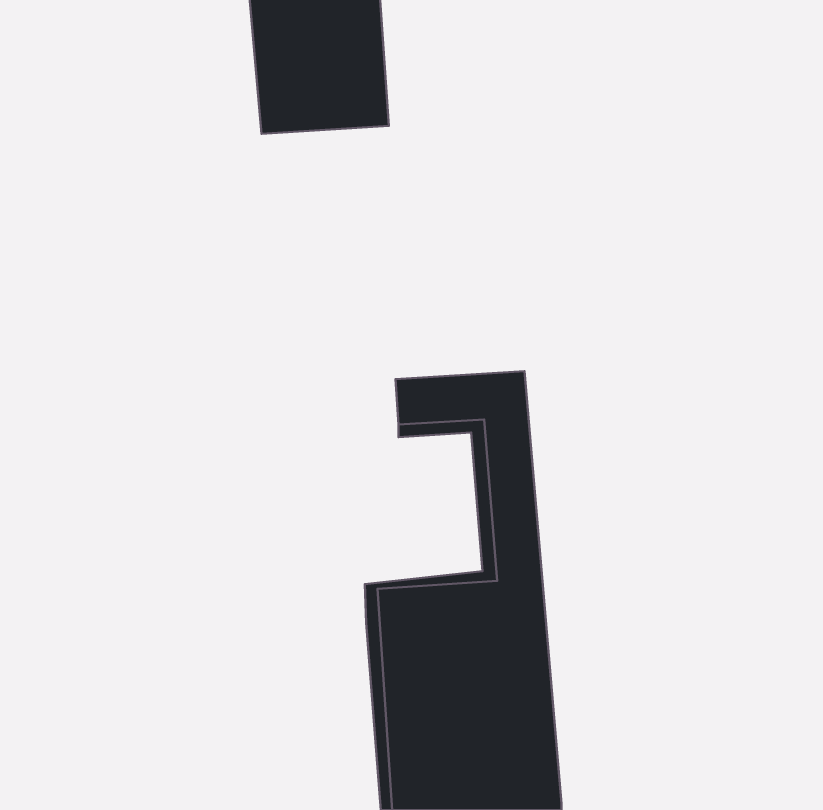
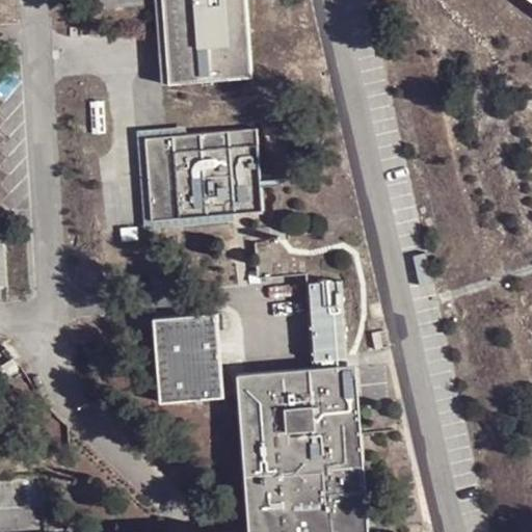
building: none -> [144,133,261,223]
building: none -> [152,316,222,403]

